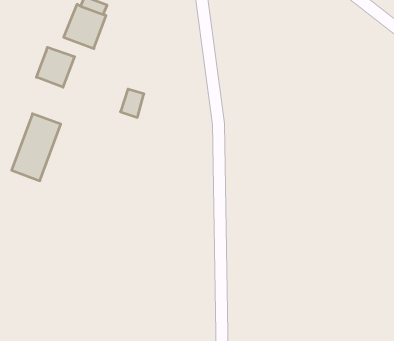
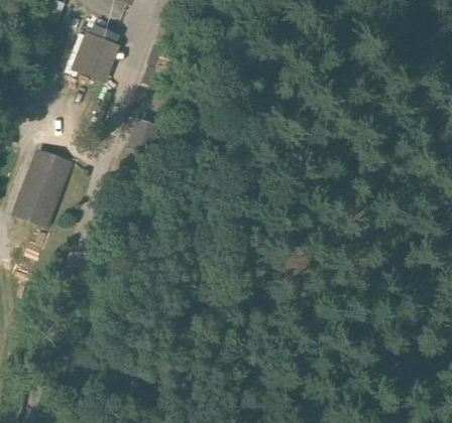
building: [36,47,75,87] -> none

